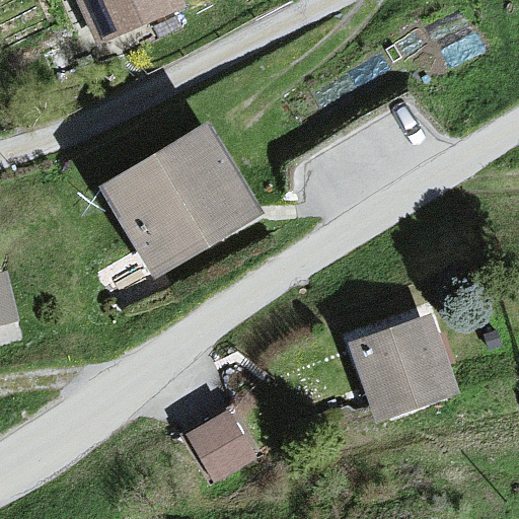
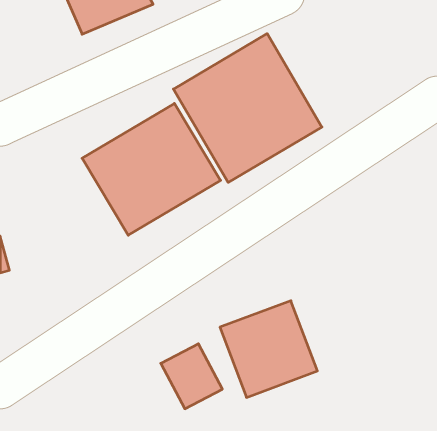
building: none -> [173,34,322,182]
building: [348,310,463,425] -> [220,301,317,397]

